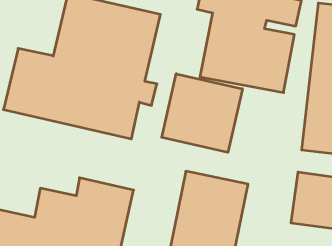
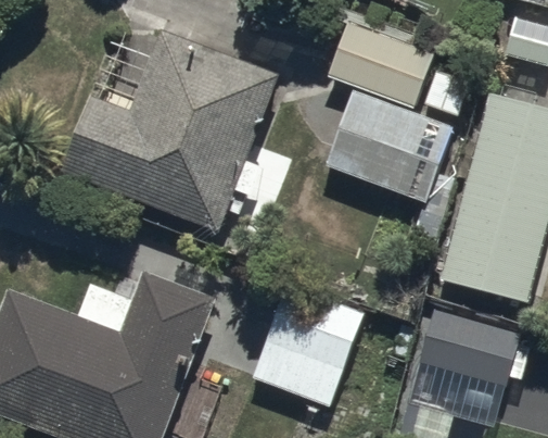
building: [162,74,242,152] -> none

